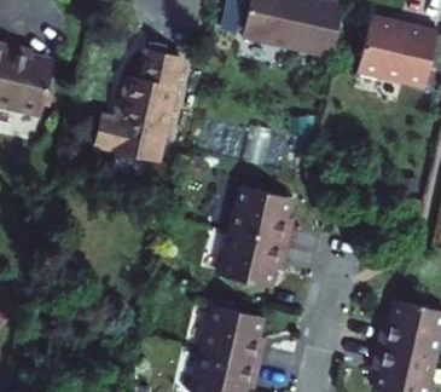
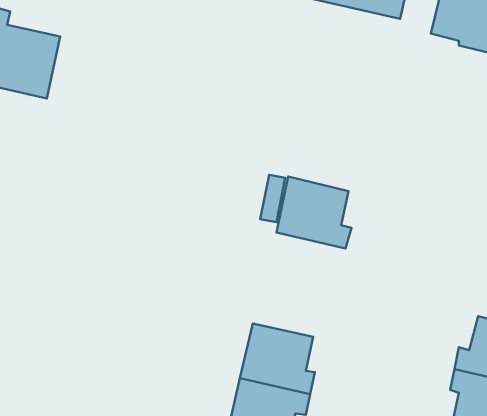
building: [98,53,184,161] -> none
building: [221,229,289,284] -> none

